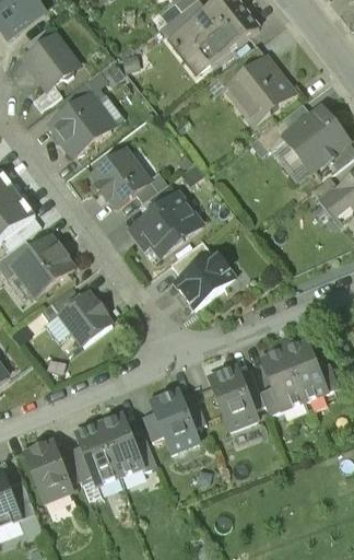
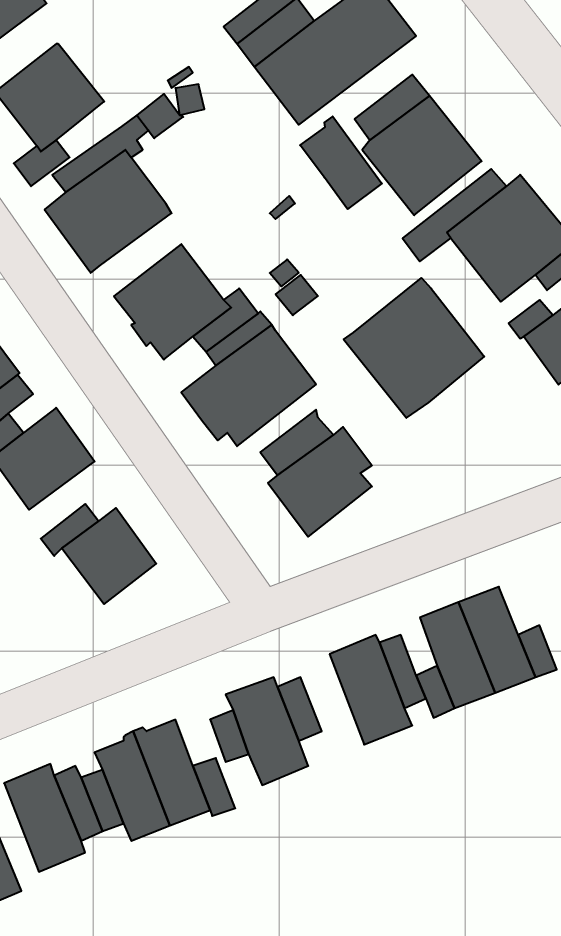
building: none -> [300,116,382,209]
building: none -> [344,278,484,418]

